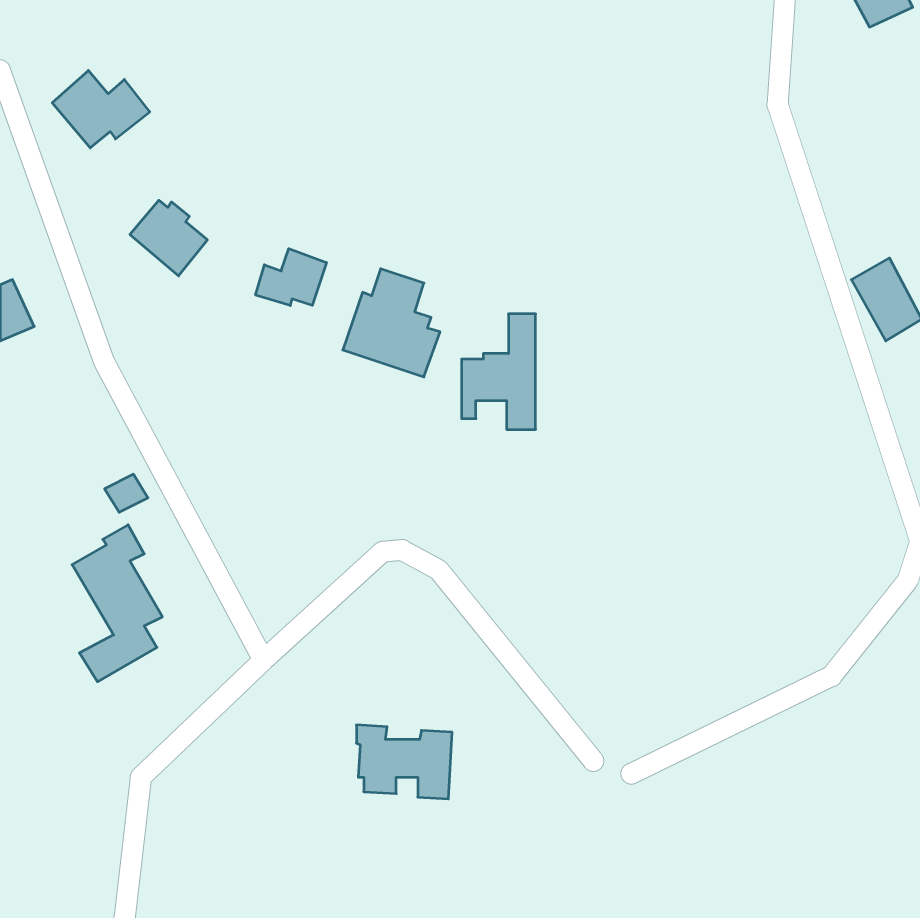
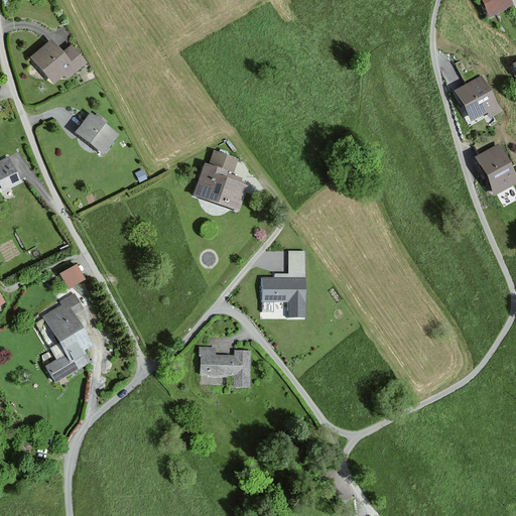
building: none -> [453,75,500,121]
building: [256,249,326,306] -> none
building: [462,314,536,429] -> [264,251,305,315]
building: [356,725,452,799] -> [198,346,251,387]

